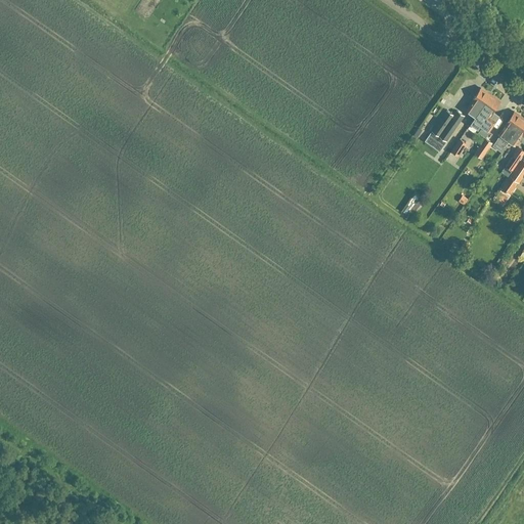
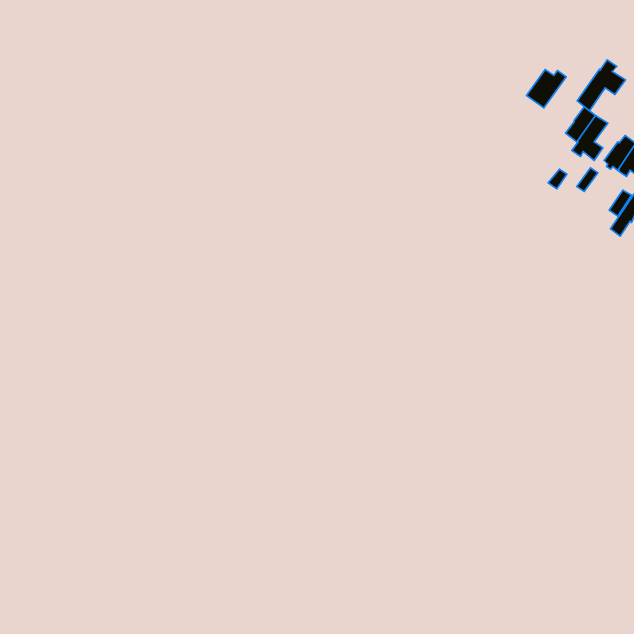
building: none -> [577,60,625,111]
building: [433,111,466,142] -> [526,69,566,108]

